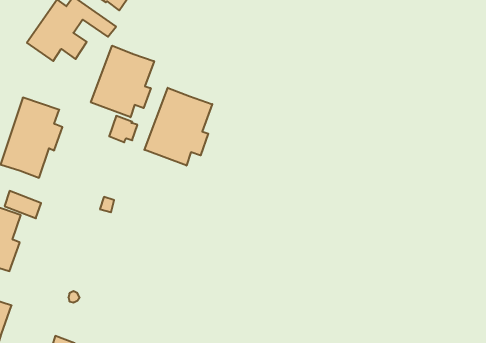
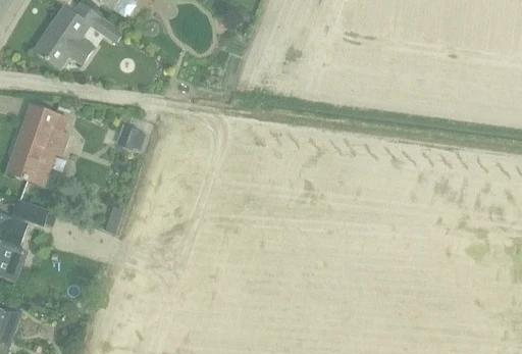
building: [91,46,154,117] -> none
building: [144,88,212,166] -> none

